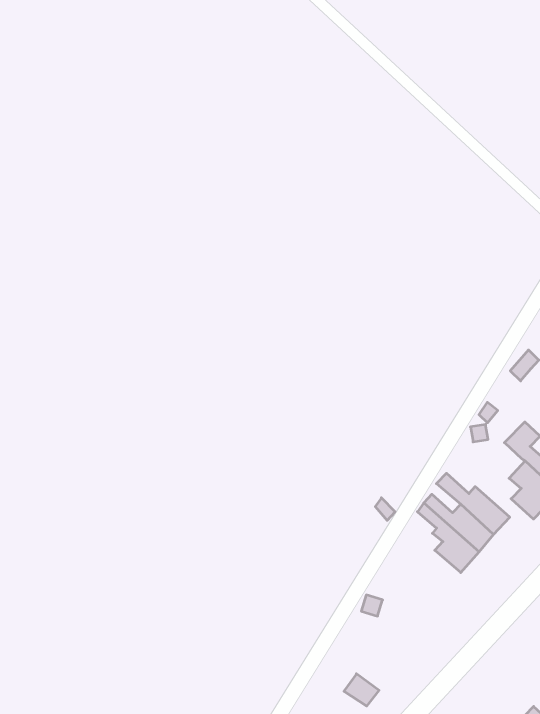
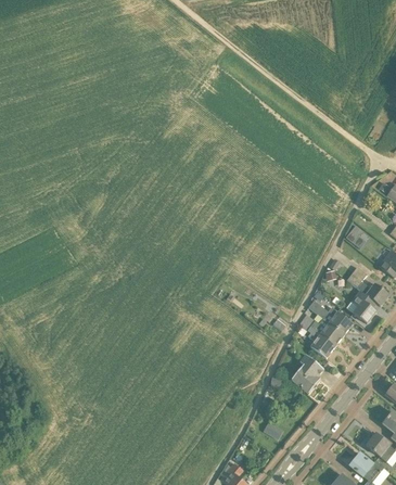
building: none -> [291,354,323,392]

